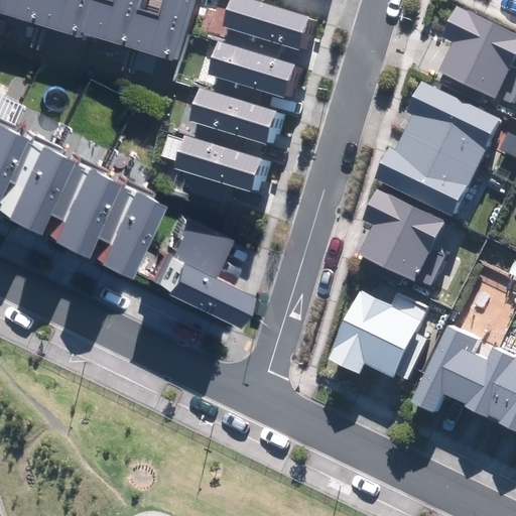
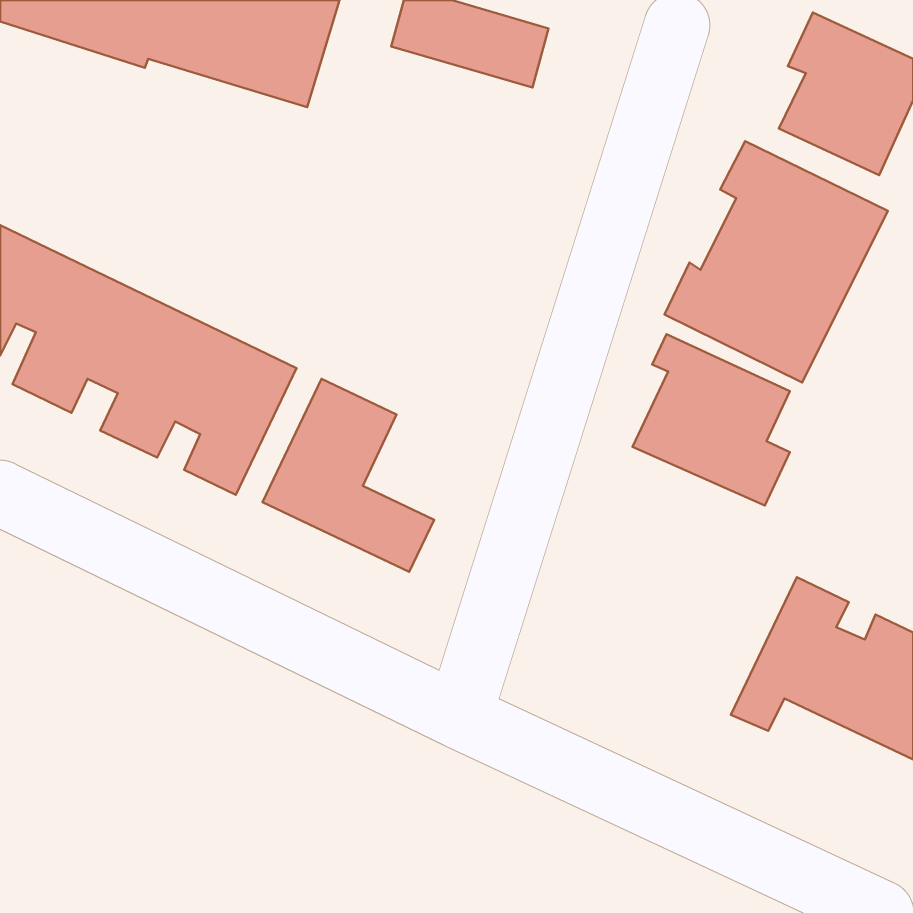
building: [208,39,297,97] -> none
building: [185,89,277,145] -> none
building: [174,135,262,190] -> none
building: [327,290,431,379] -> none

